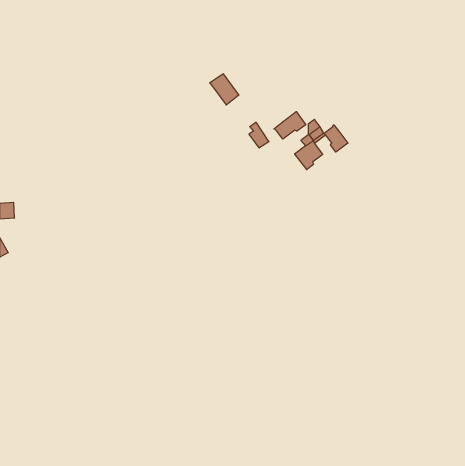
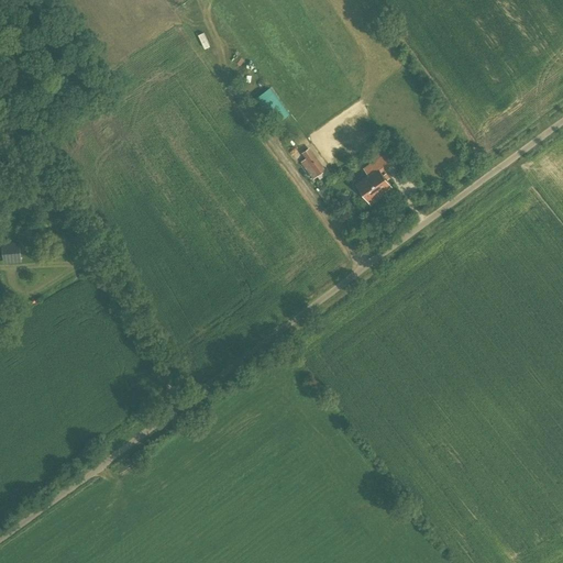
building: [274,112,306,139] -> none
building: [324,125,348,152] -> none

